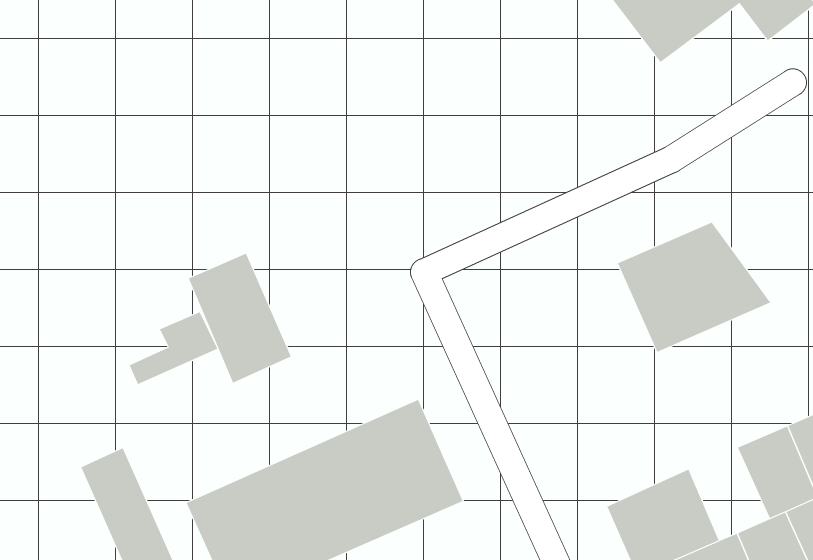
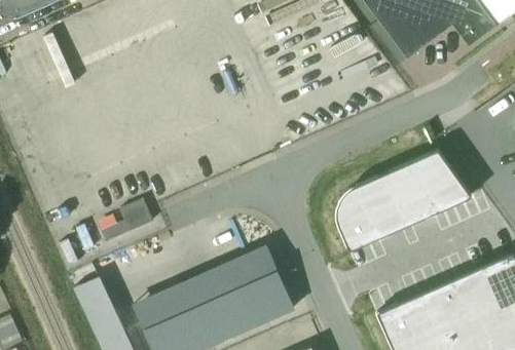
building: [188,253,292,383] -> none
building: none -> [335,173,405,249]
building: none -> [424,279,470,333]

